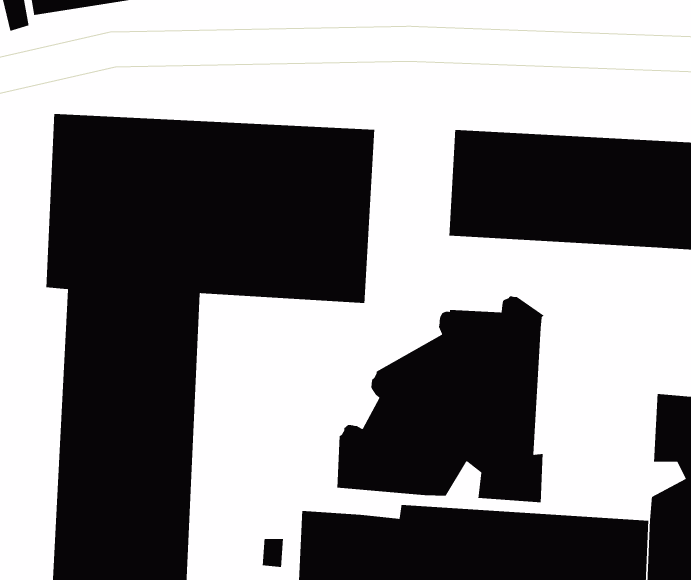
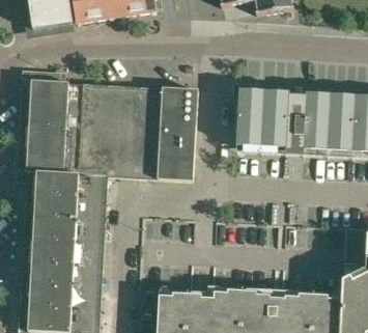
building: [337,296,545,503] -> none

